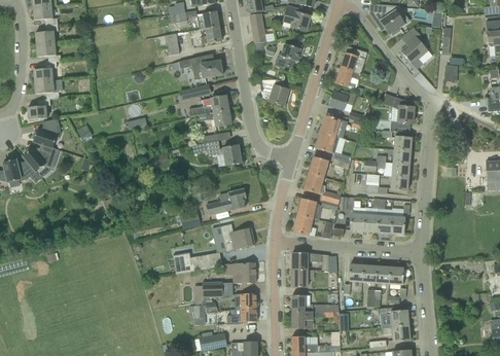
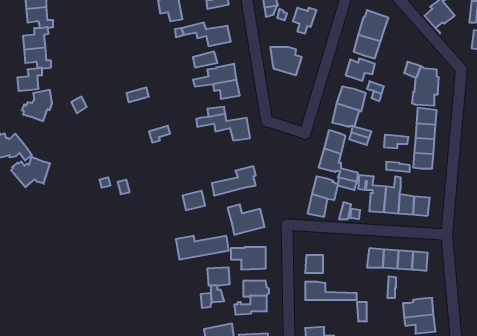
building: [23,143,59,171] -> [11,157,50,187]
building: [292,252,328,270] -> none
building: [291,311,333,328] -> none

